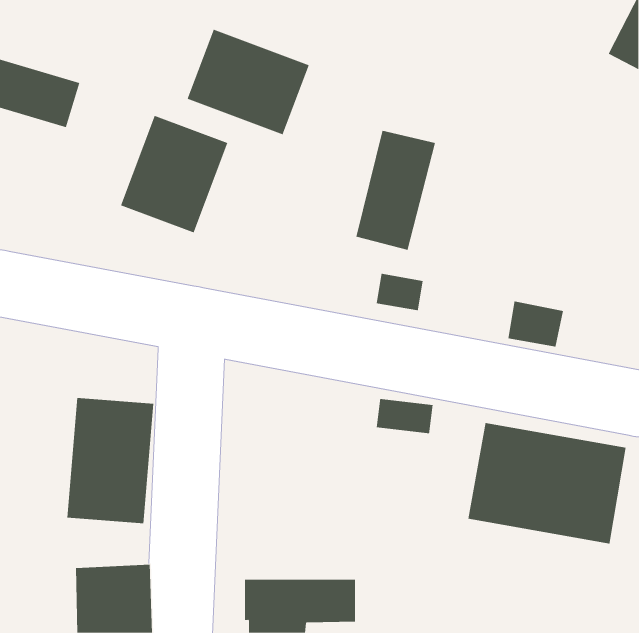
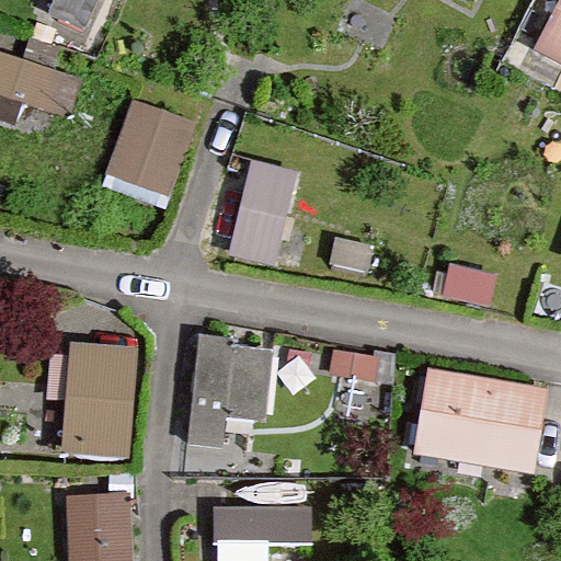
building: [187,29,309,135] -> none
building: [356,130,436,251] -> [227,162,297,267]
building: none -> [188,333,272,447]

